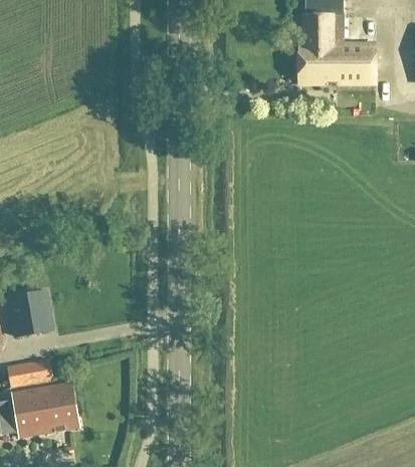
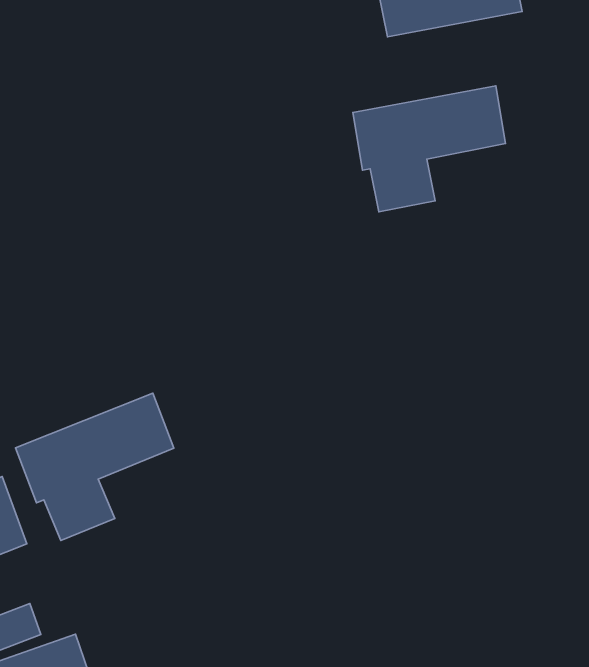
building: none -> [353,86,506,212]
building: none -> [16,393,174,541]

